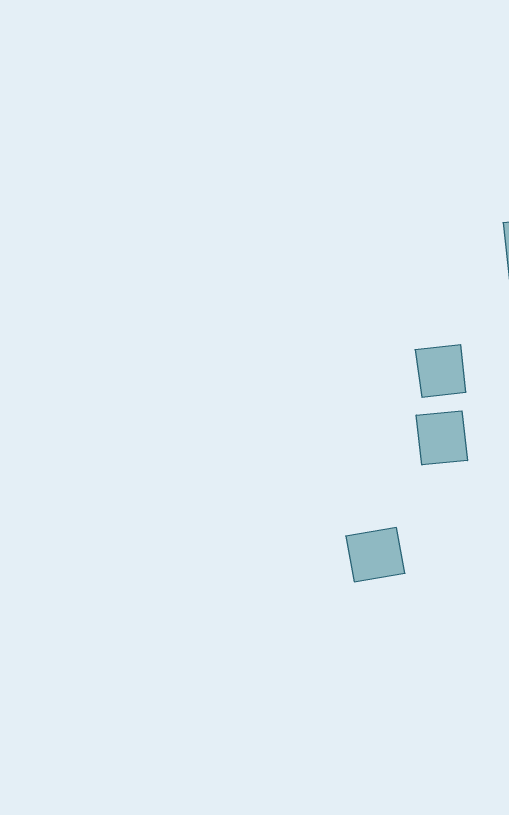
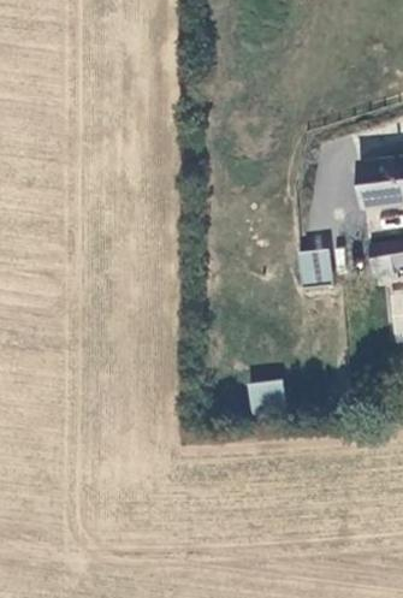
building: [416,411,467,465] -> none

